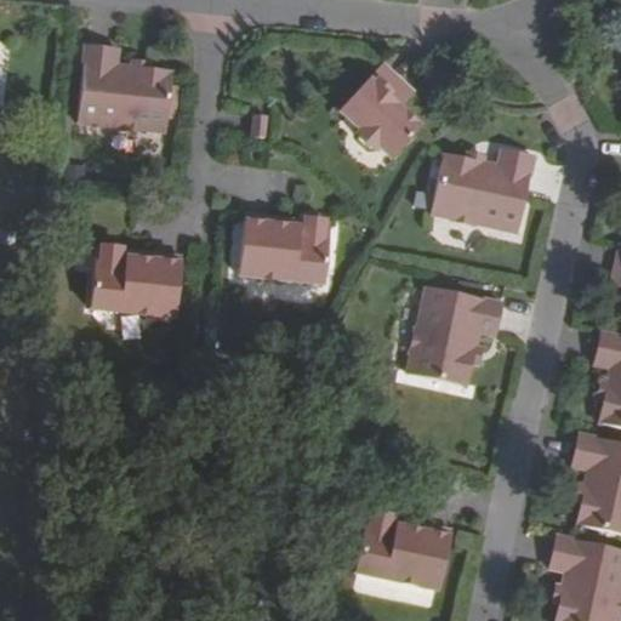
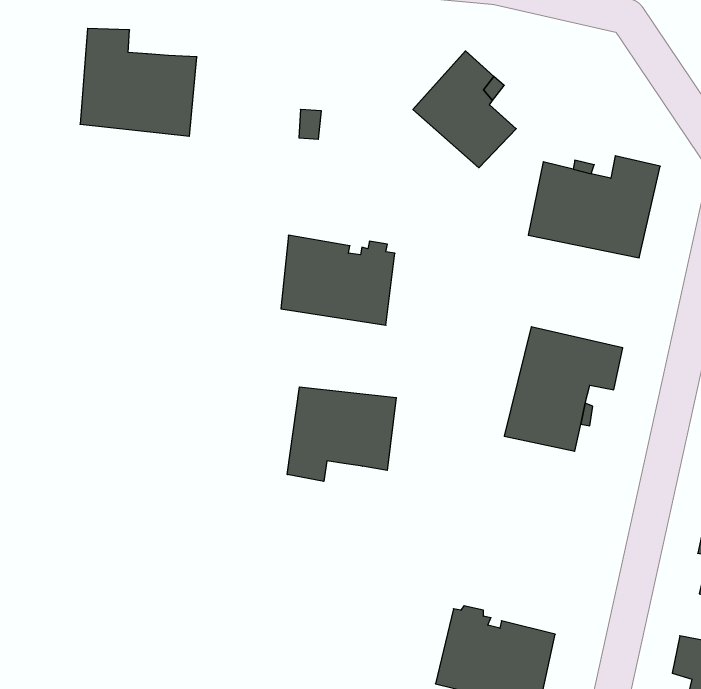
building: [85,249,173,319] -> none
building: none -> [287,387,396,481]

